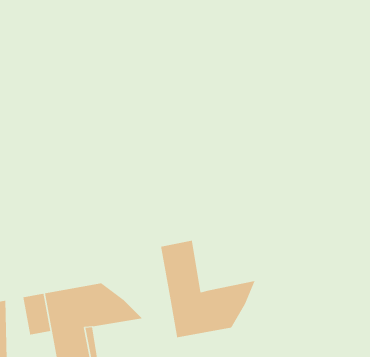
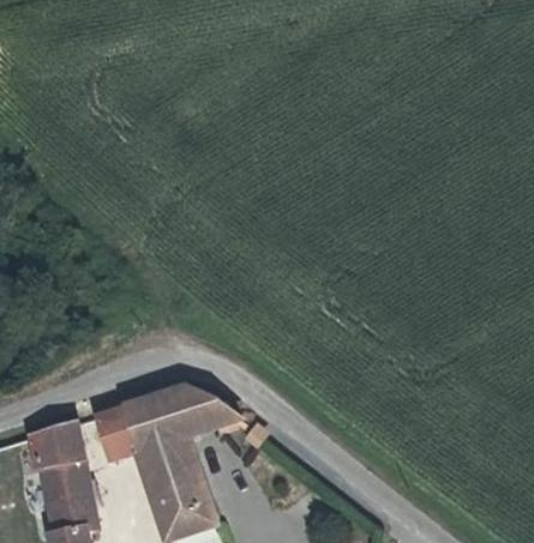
building: [160,240,256,338] -> none

